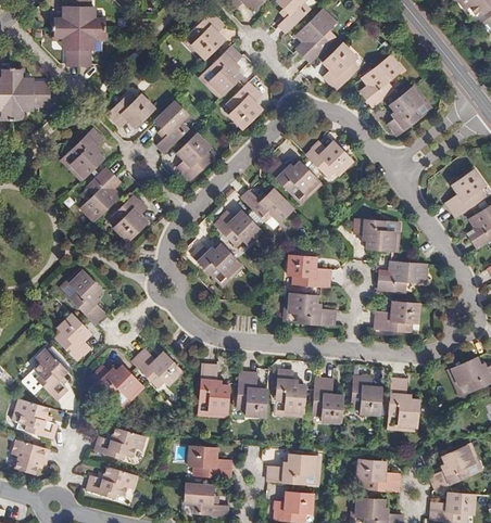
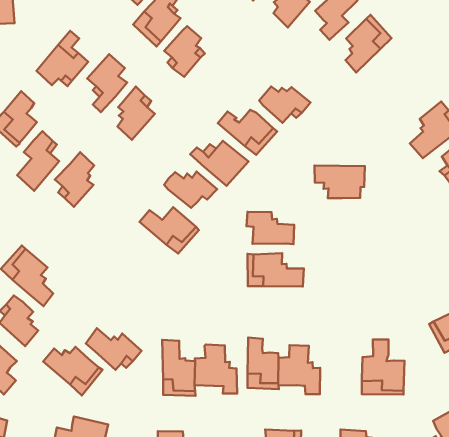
building: [376,259,425,292] -> none
building: [376,301,423,332] -> none
building: [351,367,381,413] -> none

